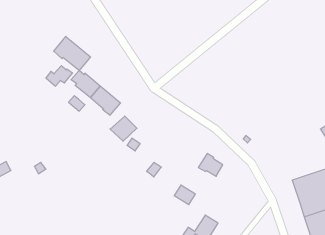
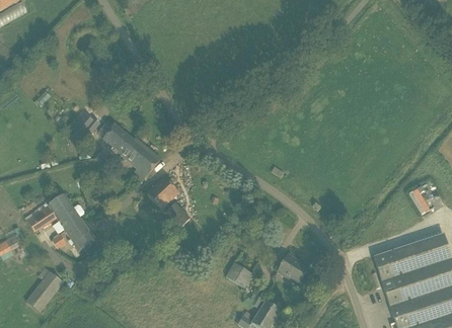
building: [54,36,90,71] -> none
building: none -> [26,193,95,251]
building: [198,154,223,176] -> [277,253,307,281]
building: none -> [25,266,64,311]

